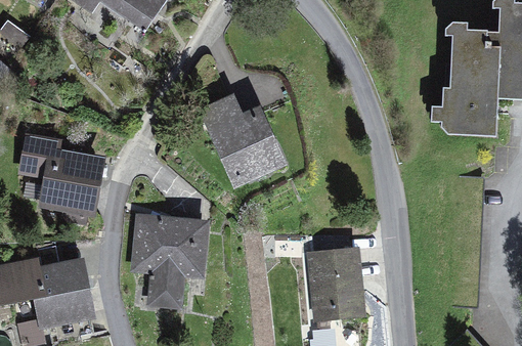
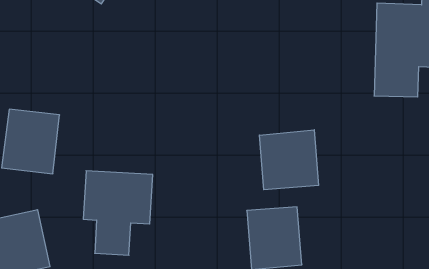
building: [199,98,290,188] -> none
building: none -> [259,130,319,190]

